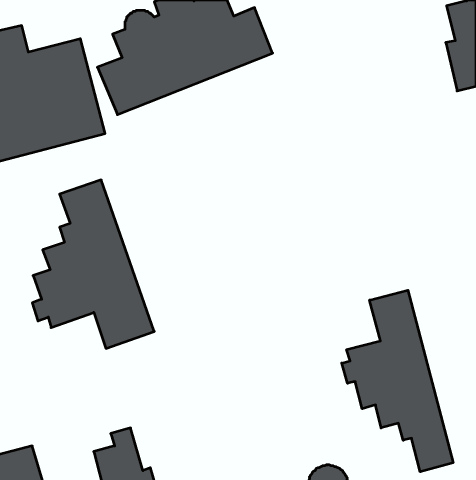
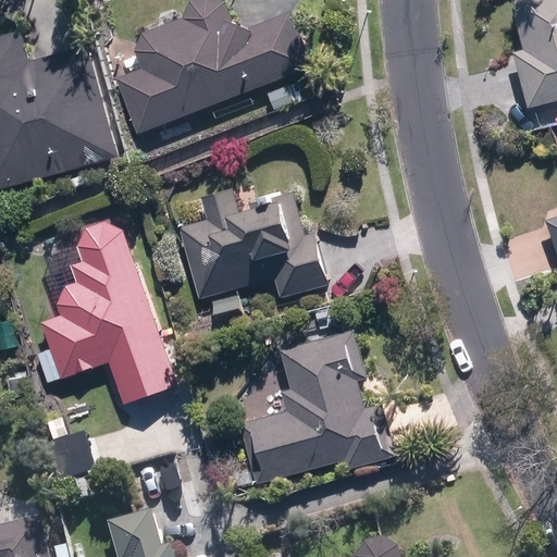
building: none -> [177,187,331,315]
building: none -> [236,329,396,488]
building: [342,290,453,472] -> none

